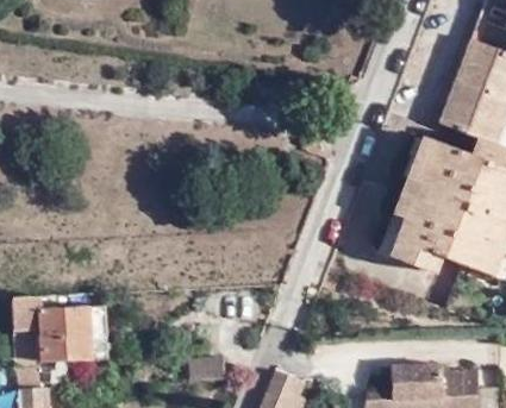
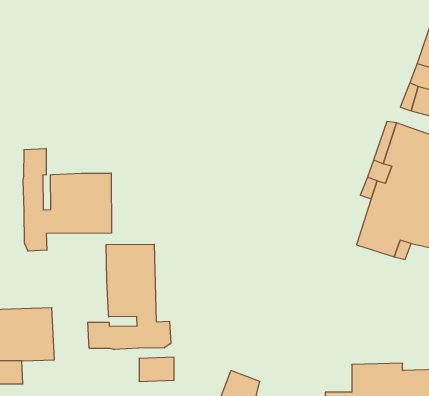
building: none -> [23,148,111,251]
building: none -> [88,244,171,350]

